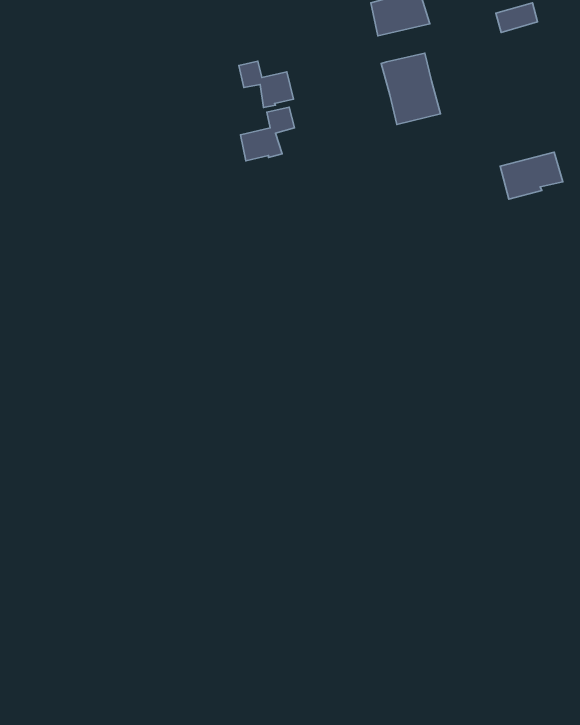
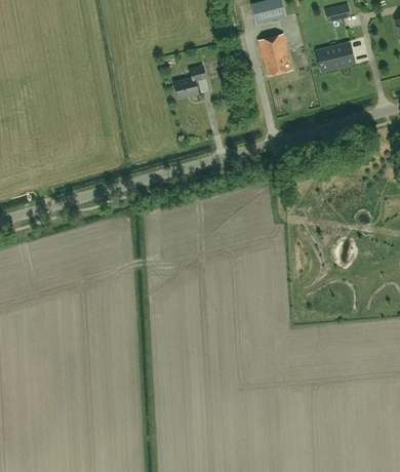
building: [239,61,294,107] -> none
building: [500,152,563,199] -> [317,43,354,71]

